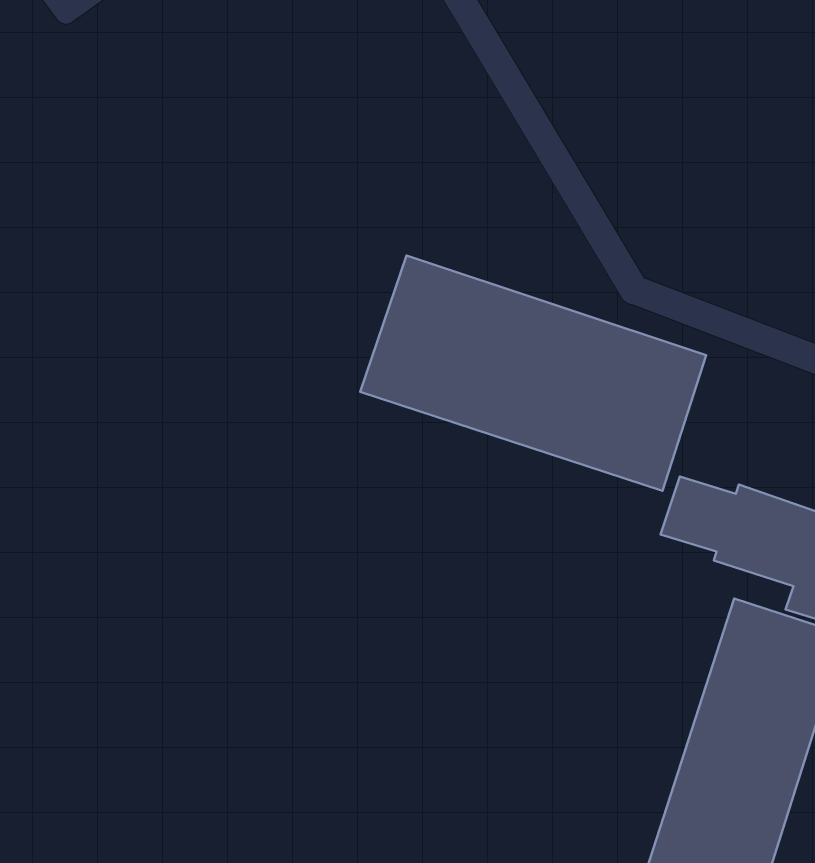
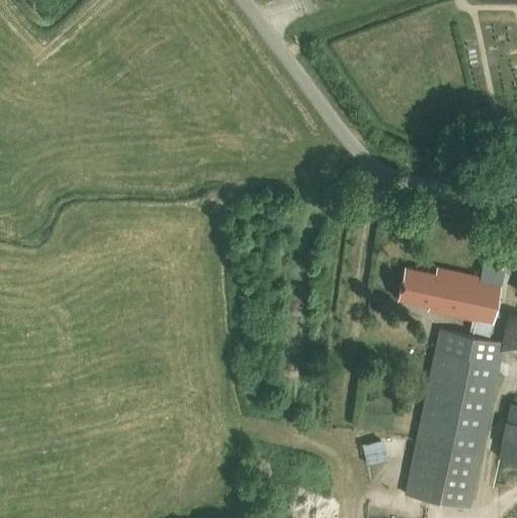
building: [360,256,706,491] -> none

